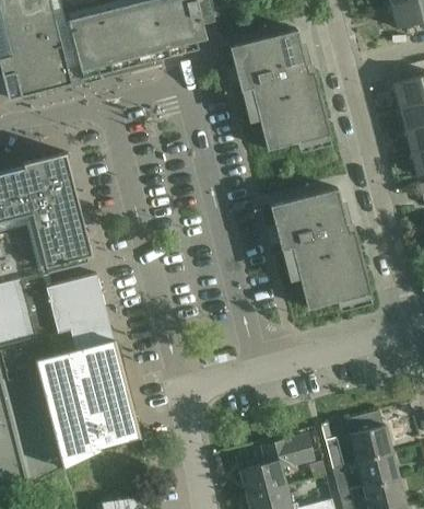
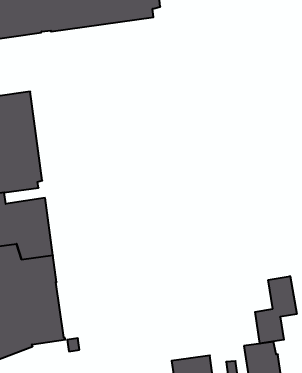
building: [229,28,328,149] -> none
building: [270,187,368,308] -> none
building: none -> [255,276,297,344]

